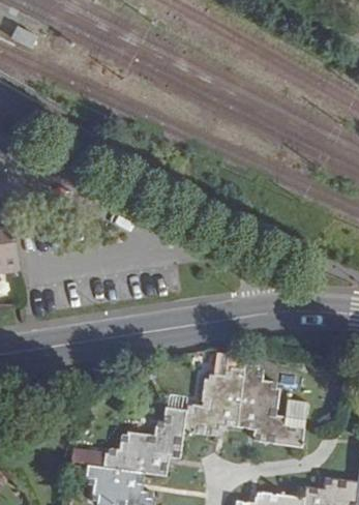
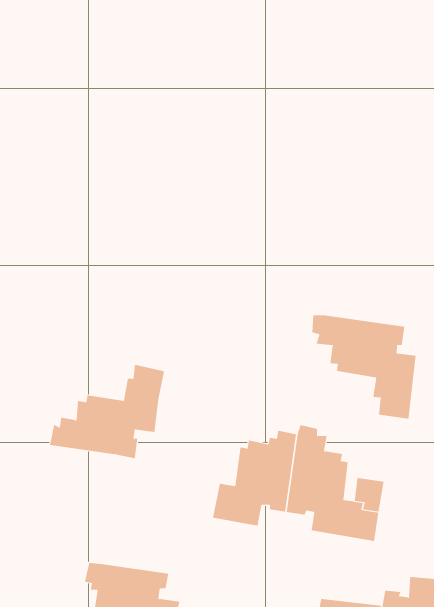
building: none -> [312,314,416,419]
building: [95,407,181,477] -> [49,364,165,459]

